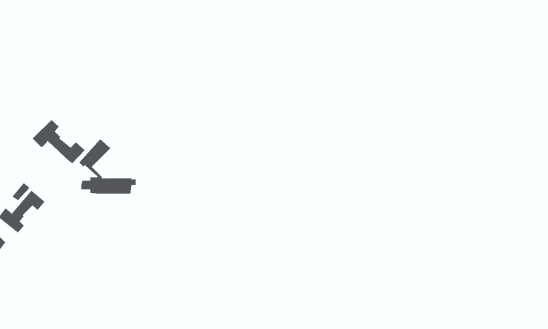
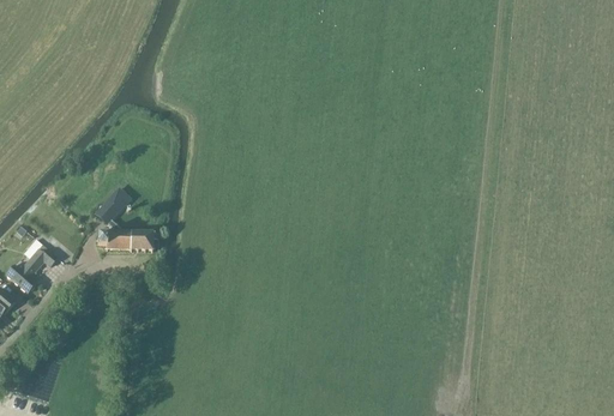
building: [32,119,85,164] -> none

